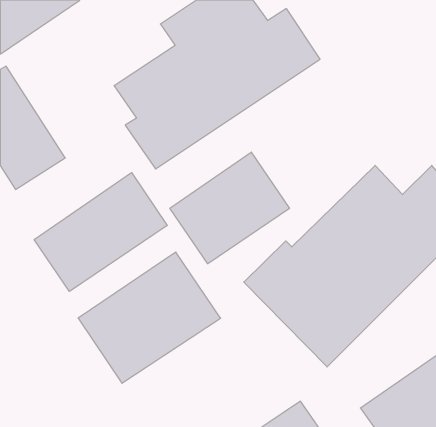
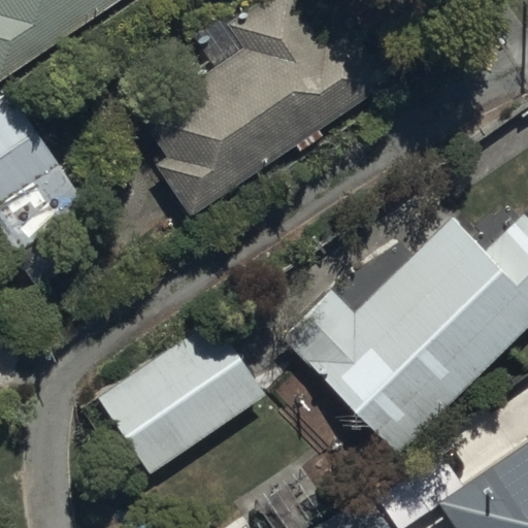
building: [170,152,289,264] -> none
building: [34,173,167,291] -> none

